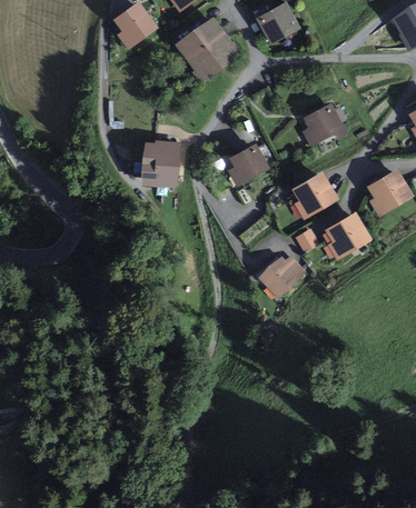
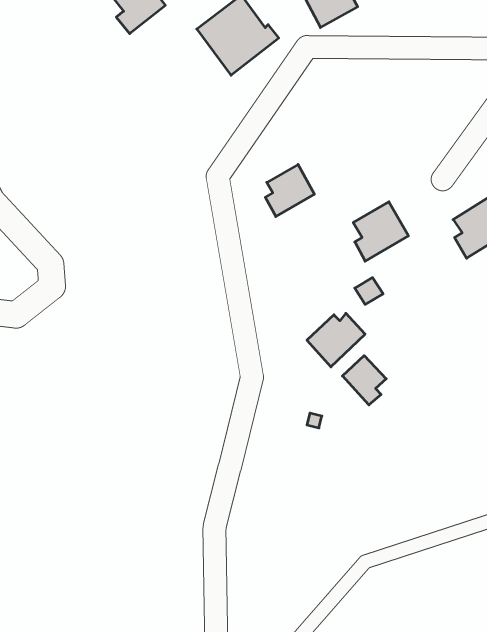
building: [304,103,345,143] -> none
building: [142,141,177,185] -> none
building: [326,212,370,258] -> none
building: none -> [342,356,386,405]

